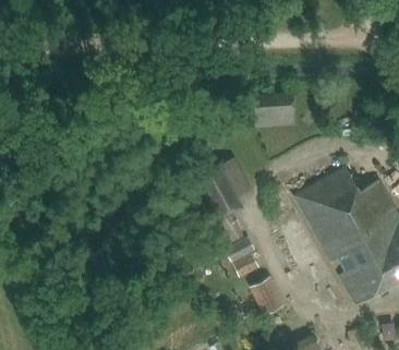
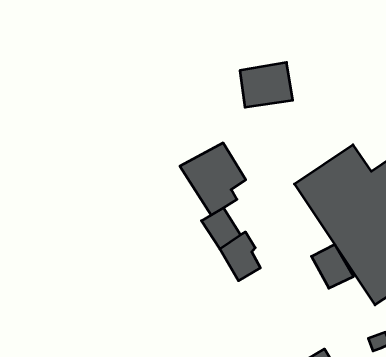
building: [249,276,283,313] -> [311,245,353,288]

